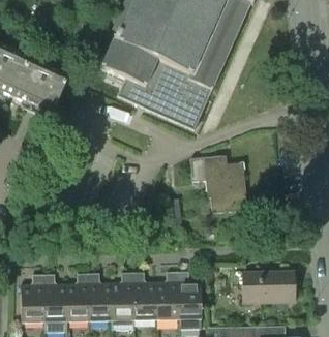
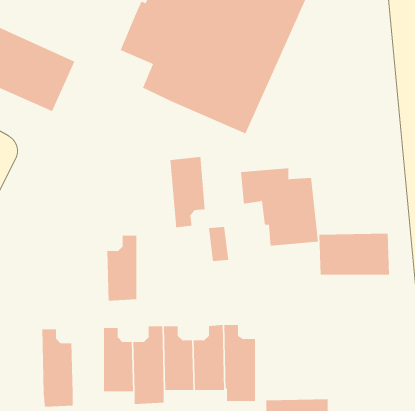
building: none -> [170,156,205,228]
building: [241,270,294,301] -> [318,233,390,275]
building: [65,272,88,320] -> [107,235,137,301]
building: [20,273,43,321] -> none

